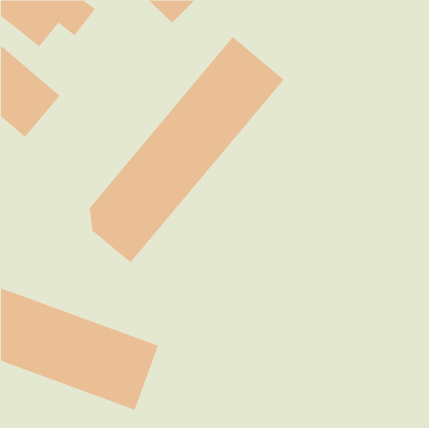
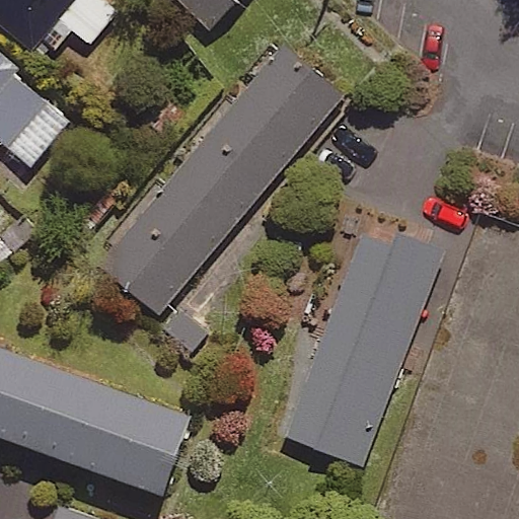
building: none -> [281,227,443,464]

